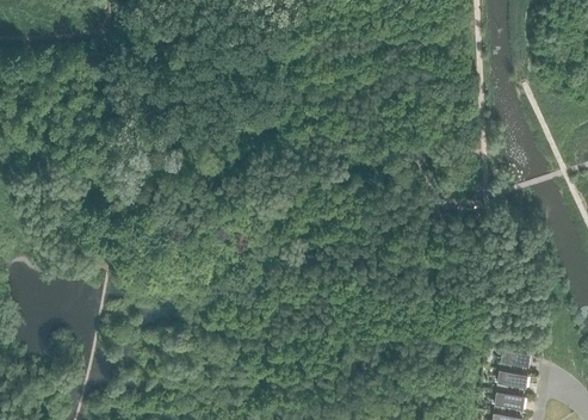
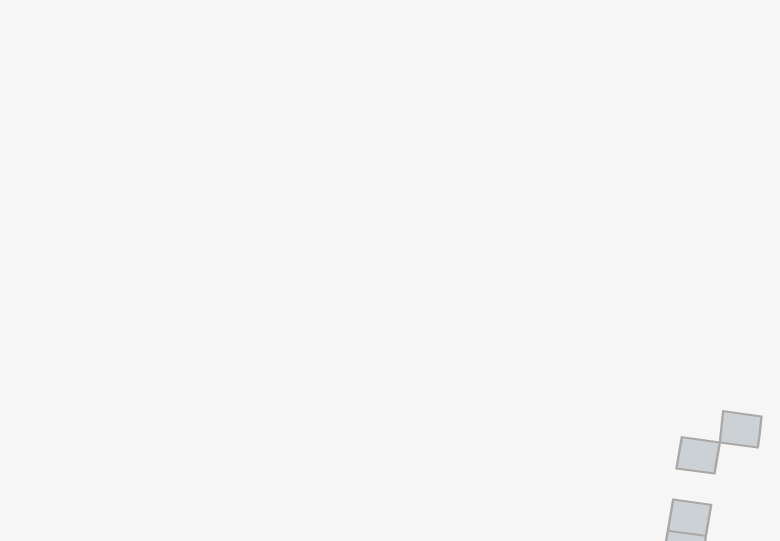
building: [496,368,525,393] -> [720,411,761,448]

